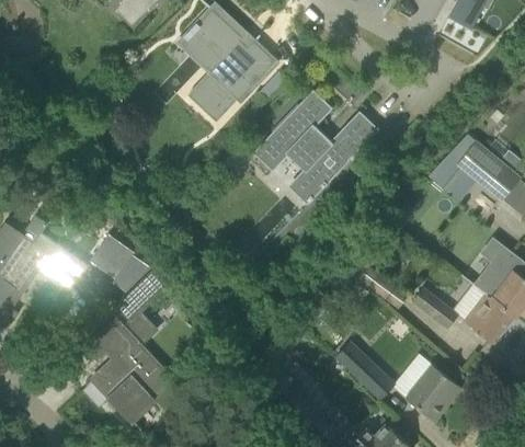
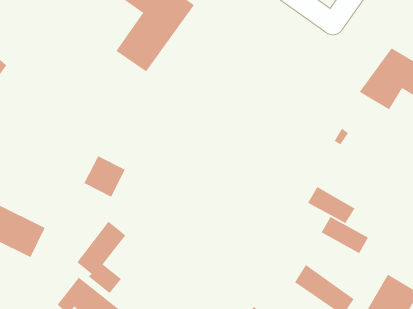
building: [252,91,378,195] -> none
building: [90,233,135,278] -> [84,155,126,197]
building: [411,286,459,329] -> [321,216,369,254]

